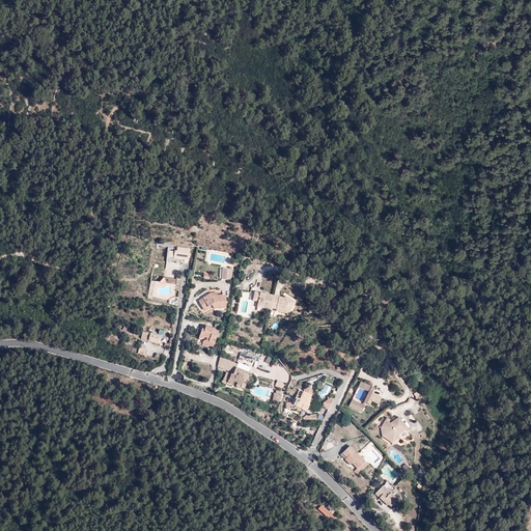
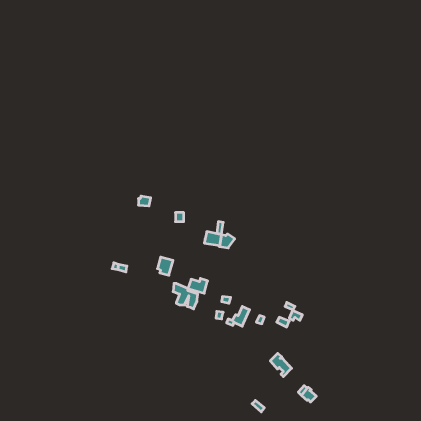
building: [197,289,227,314] -> none
building: [381,417,409,442] -> none

